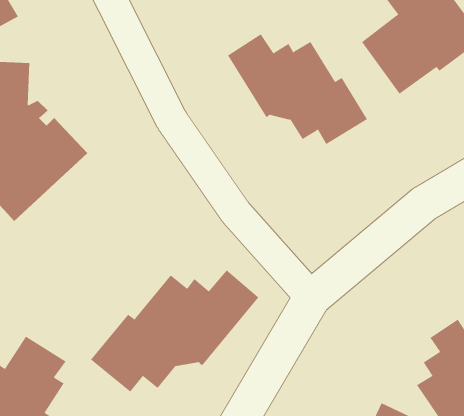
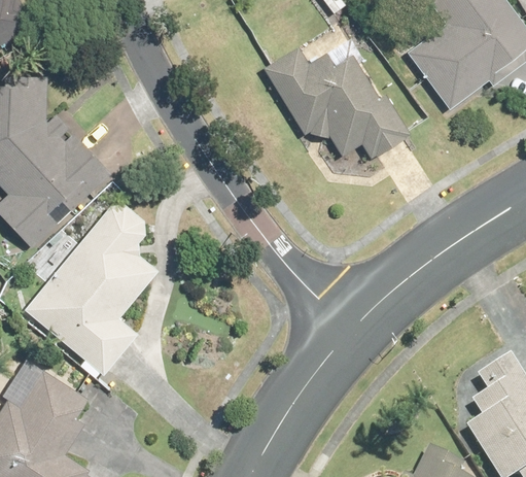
building: none -> [23,204,157,375]
building: [90,269,259,393] -> none

